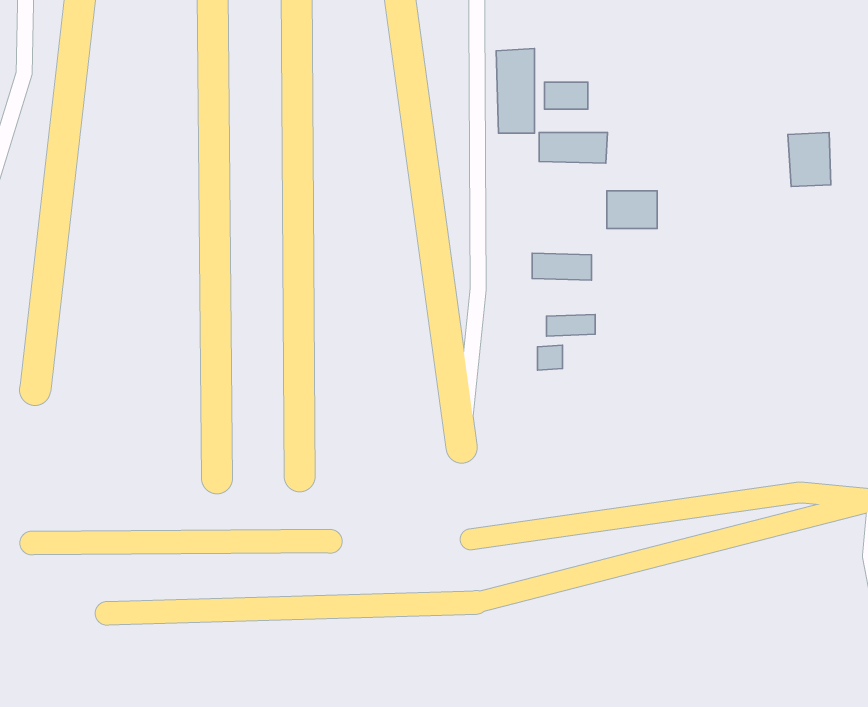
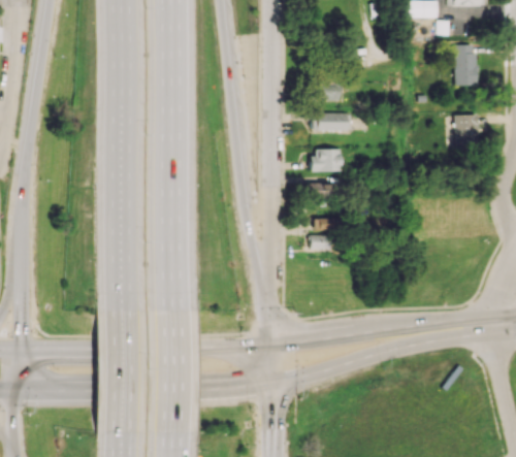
building: none -> [456,44,478,86]
building: [496,49,534,133] -> none
building: [607,191,657,229] -> [313,150,342,171]

